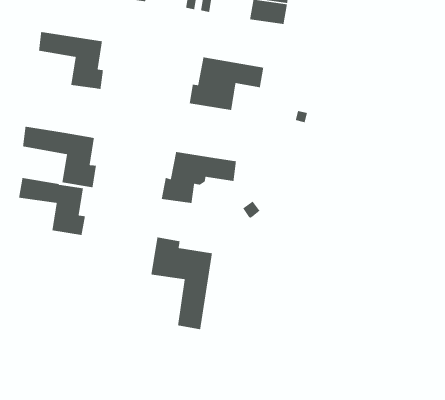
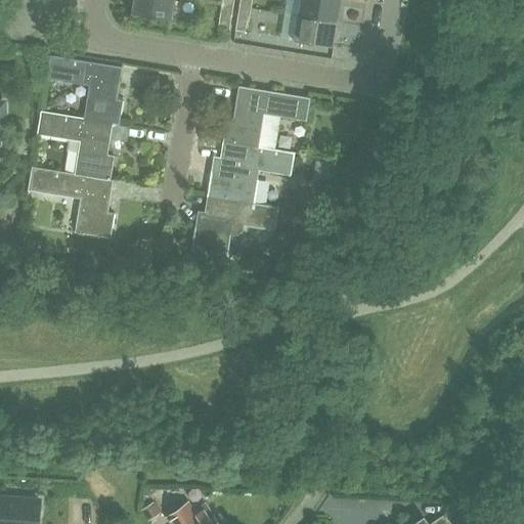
building: none -> [207,140,294,203]
building: [18,177,86,236] -> [36,111,115,179]
building: [150,237,213,330] -> none

